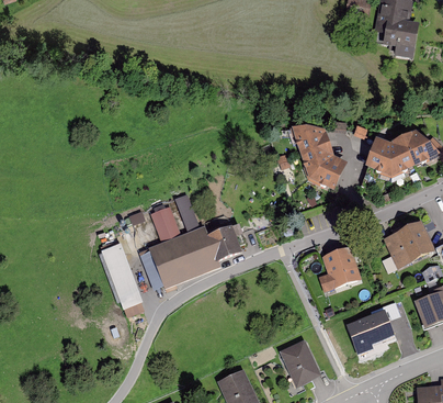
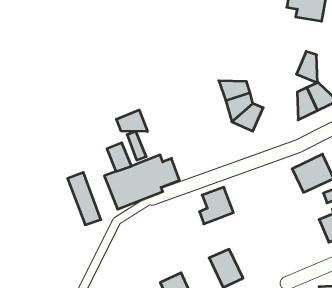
building: [364,138,390,178] -> [296,51,317,83]
building: none -> [116,110,147,132]
building: [321,249,364,295] -> [199,187,233,224]
building: [345,310,394,352] -> none

